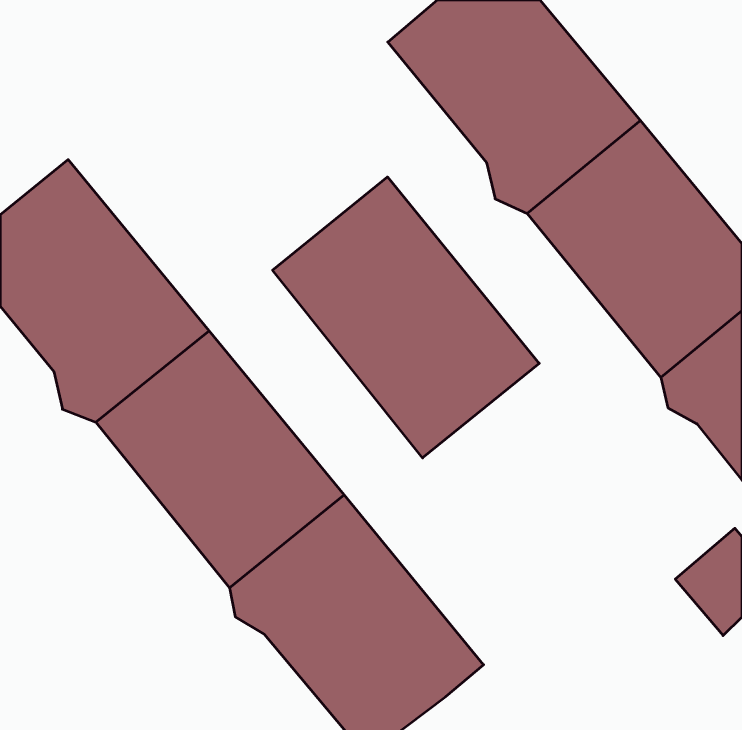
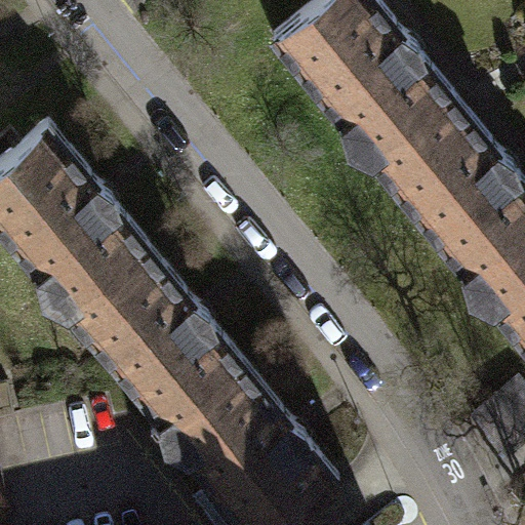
building: [273,177,539,458] -> none

